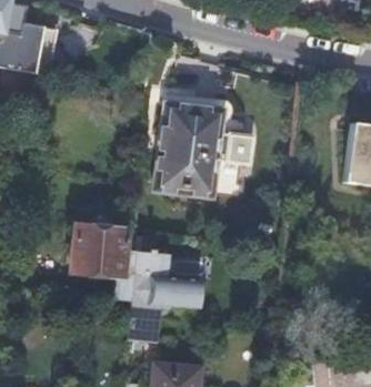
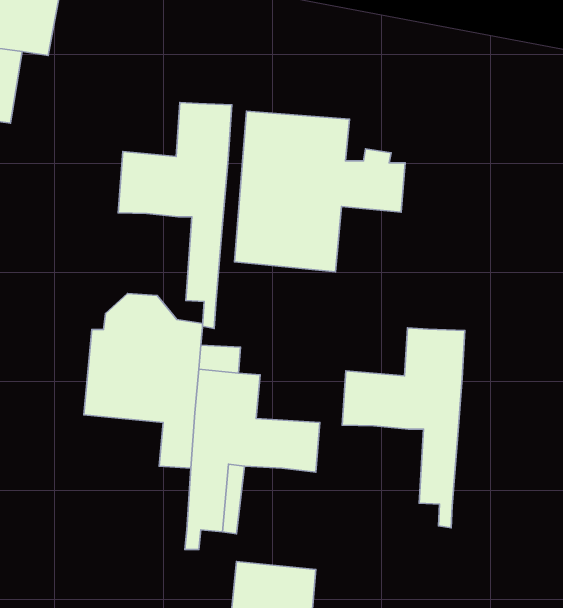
building: none -> [118,103,232,328]
building: none -> [342,328,465,528]

